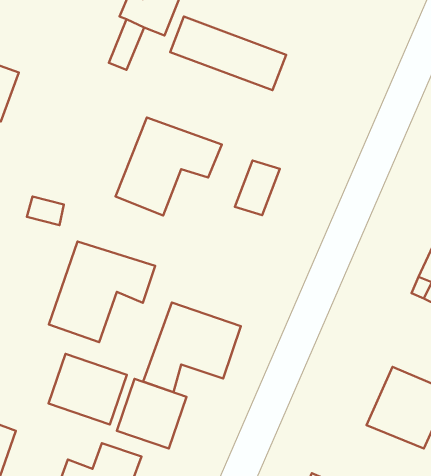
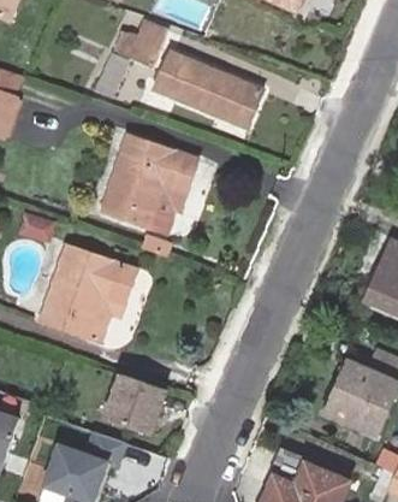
building: [235,161,280,215] -> [145,185,185,234]
building: [143,302,241,392] -> none
building: [49,354,127,424] -> none

